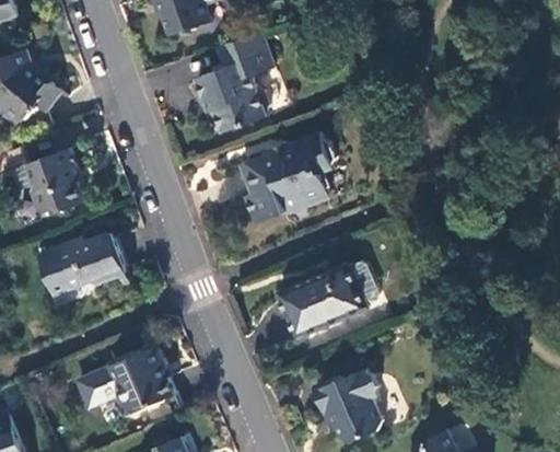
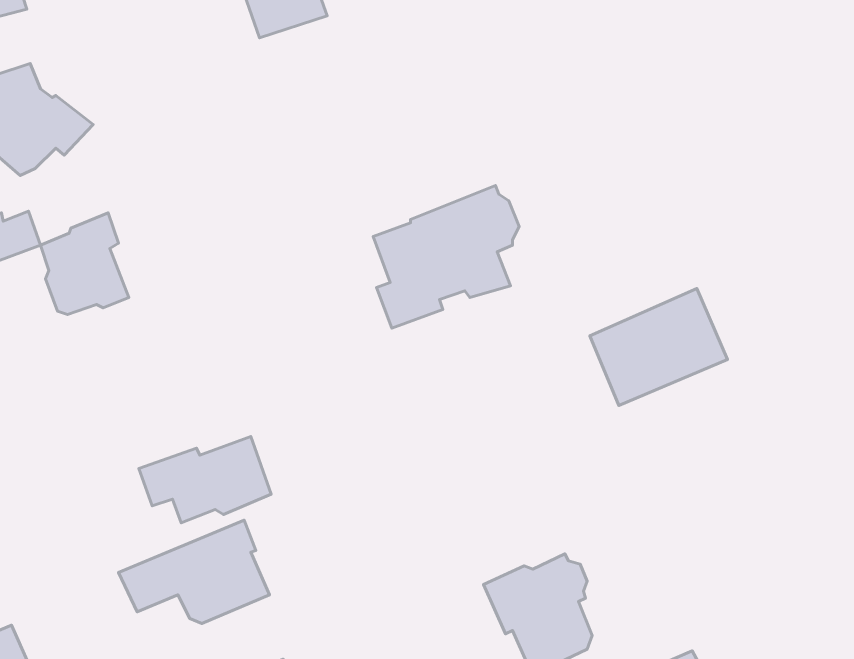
building: [196,32,272,131] -> none
building: [38,233,124,289] -> [139,436,271,523]
building: [278,262,366,337] -> [590,288,727,405]

